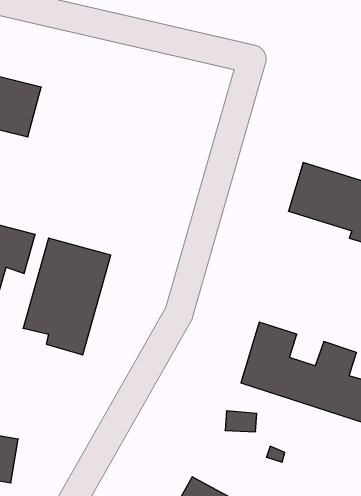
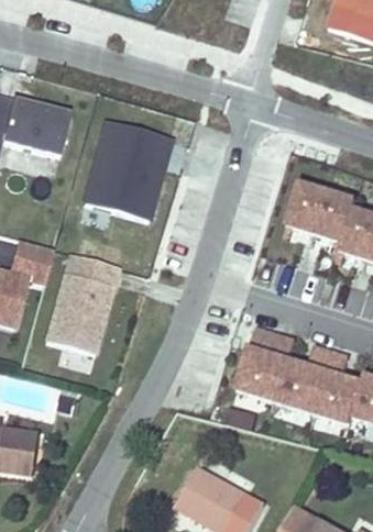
building: none -> [84,129,166,220]

